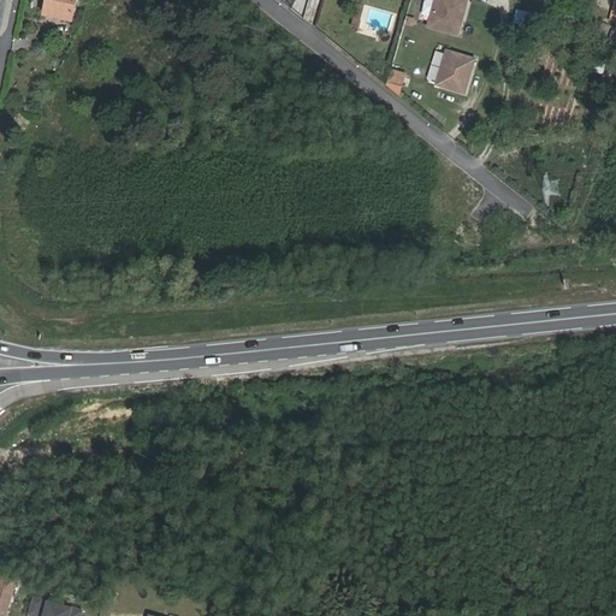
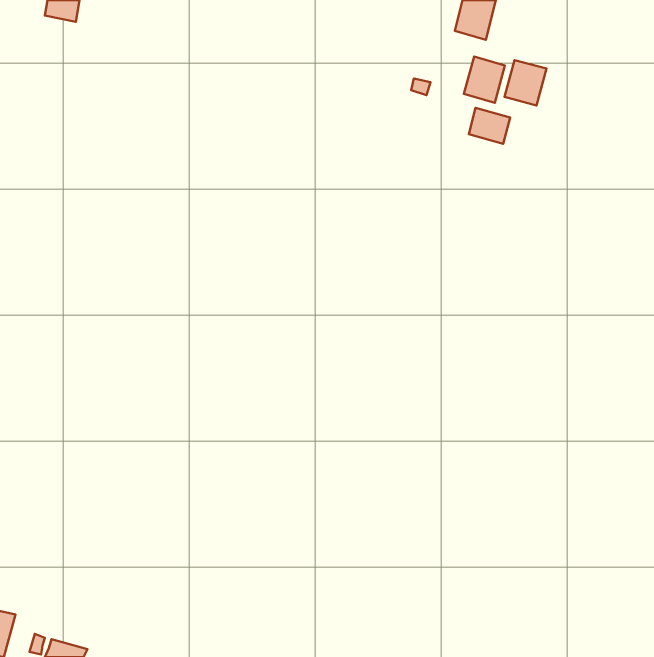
building: none -> [504,60,547,105]
building: none -> [469,108,510,144]

